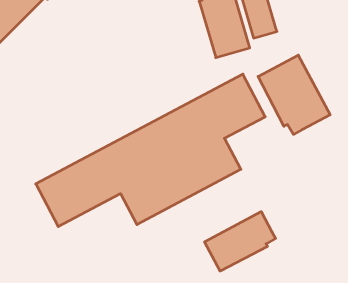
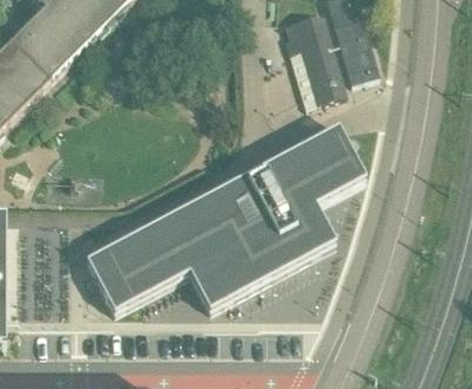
building: [258,55,330,134] -> none
building: [205,212,276,271] -> none

